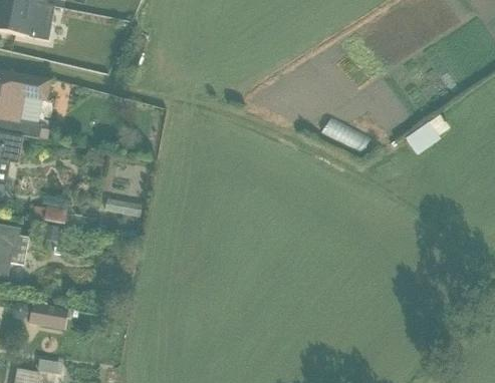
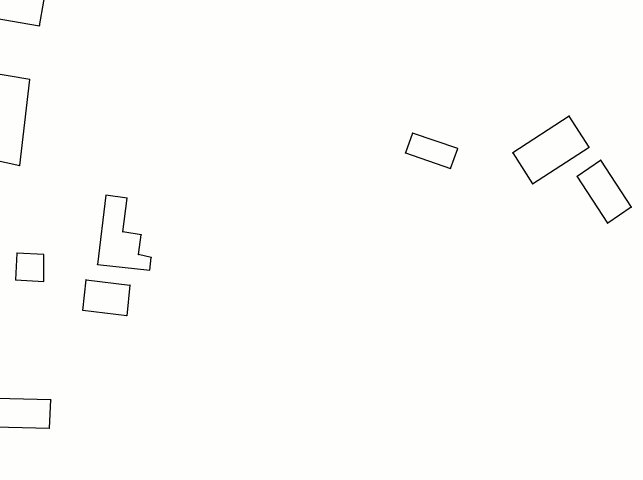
building: none -> [577,160,631,223]
building: none -> [83,280,130,316]

